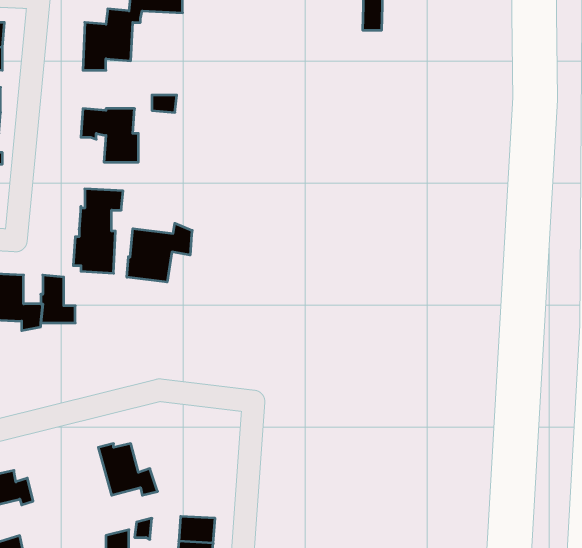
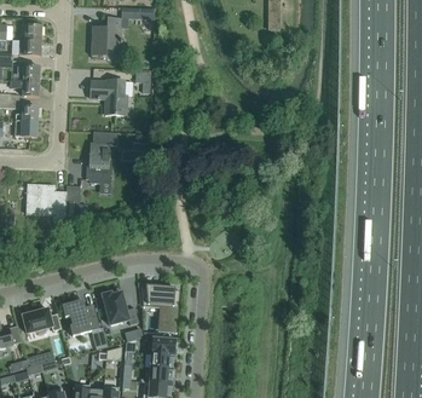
building: [127,223,192,282] -> none
building: none -> [141,284,180,330]
building: none -> [62,299,99,335]

